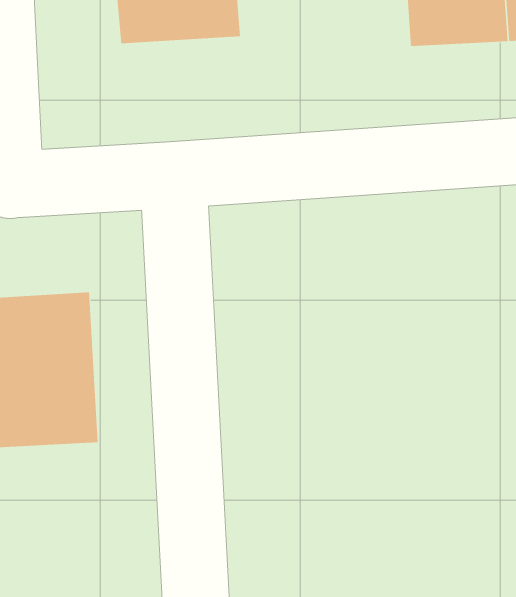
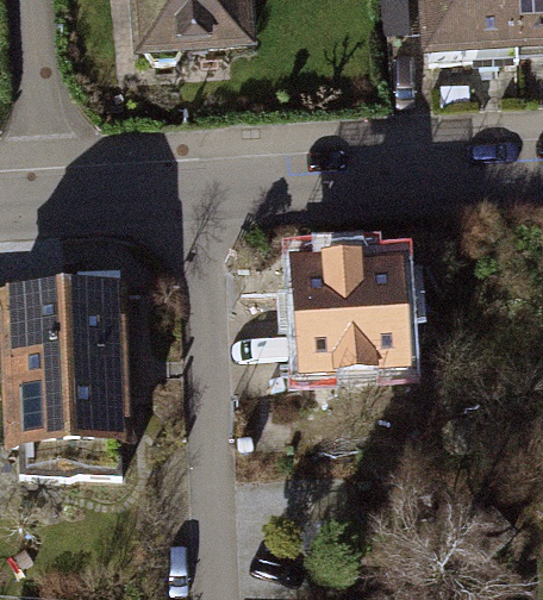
building: none -> [291,249,414,367]

